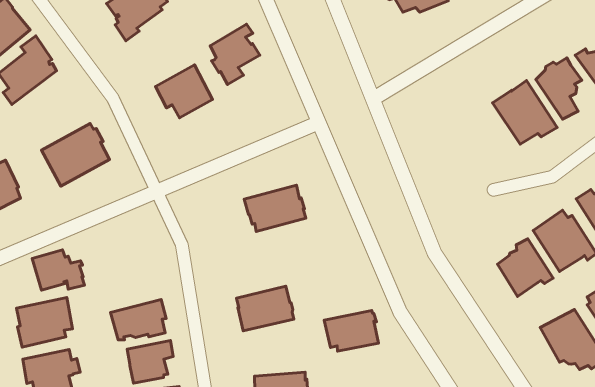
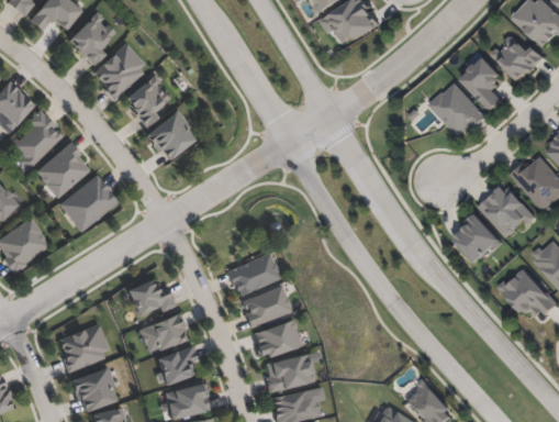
building: [210,24,260,84] -> [127,75,170,127]
building: none -> [36,142,90,199]
building: [244,185,306,232] -> [227,253,281,297]
building: [32,250,85,290] -> [127,280,175,316]
building: [324,310,378,351] -> [254,320,302,358]

